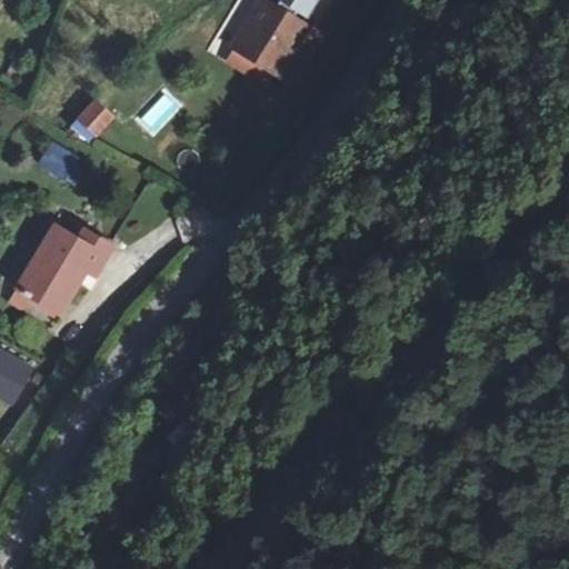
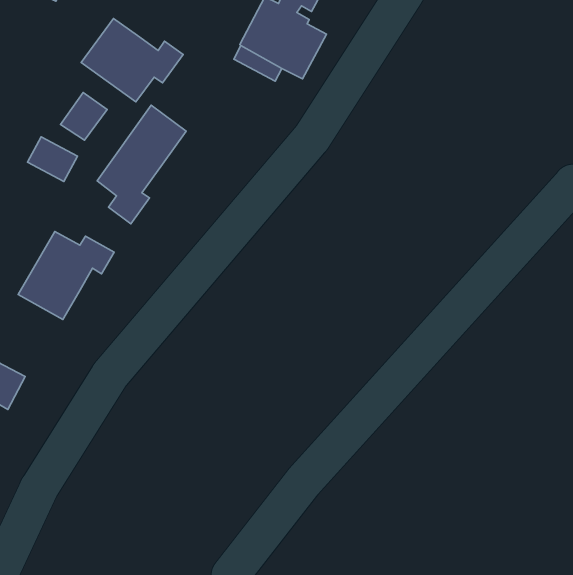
building: none -> [81,19,183,102]
building: none -> [97,105,186,224]

